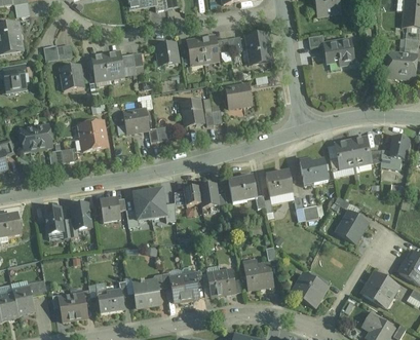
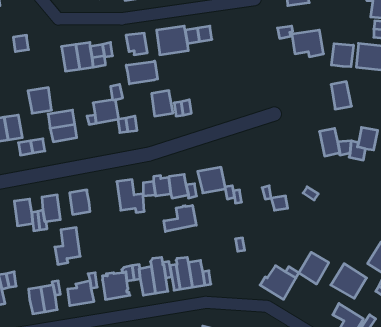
building: [246,31,271,62] -> none
building: none -> [331,44,353,67]
building: [60,62,83,87] -> [28,88,52,113]
building: none -> [126,61,158,84]
building: [225,82,252,106] -> none
building: [335,139,355,166] -> [331,82,352,109]
building: [300,157,328,183] -> none
building: [265,169,293,195] -> none
building: [125,189,151,226] -> [55,228,80,264]
building: [337,210,367,241] -> [299,252,329,284]
building: none -> [164,205,196,232]
building: [243,262,273,290] -> none

